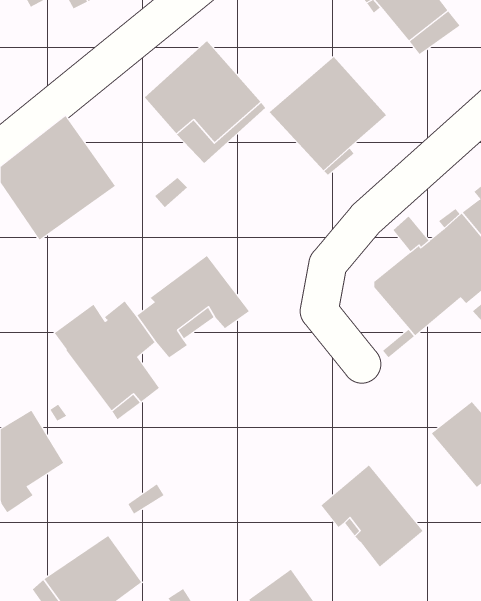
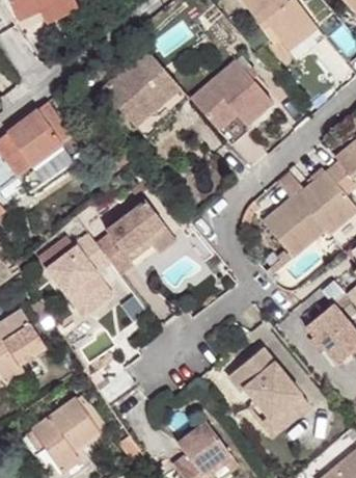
building: none -> [247,394,308,436]

